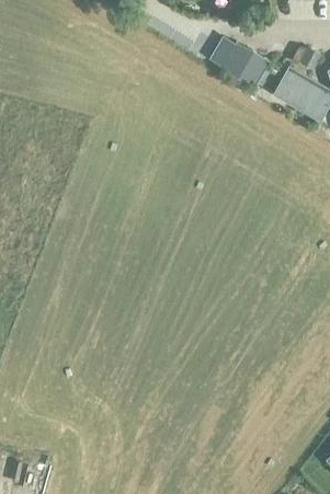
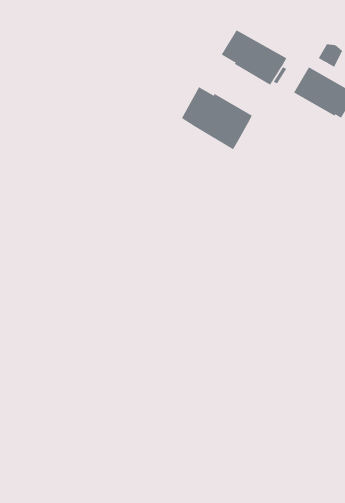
building: none -> [181,86,253,150]

